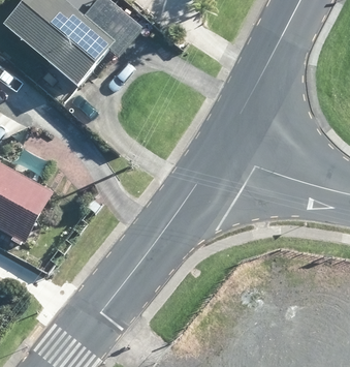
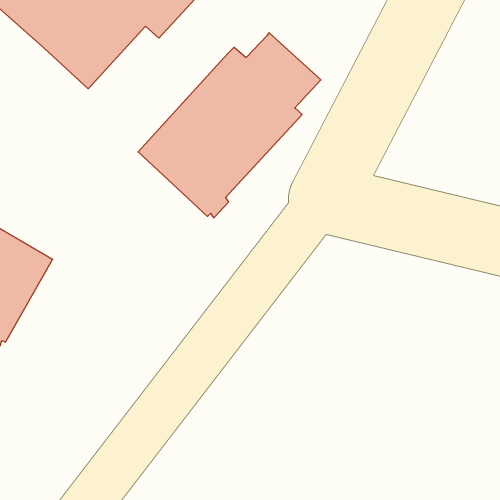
building: none -> [138,33,321,218]

